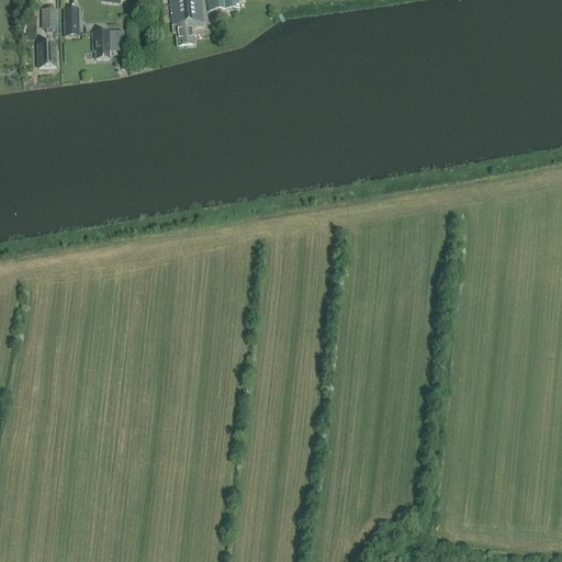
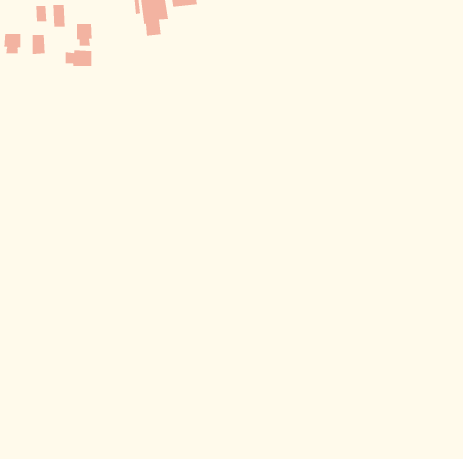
building: none -> [4,33,21,54]
building: none -> [65,49,92,67]

